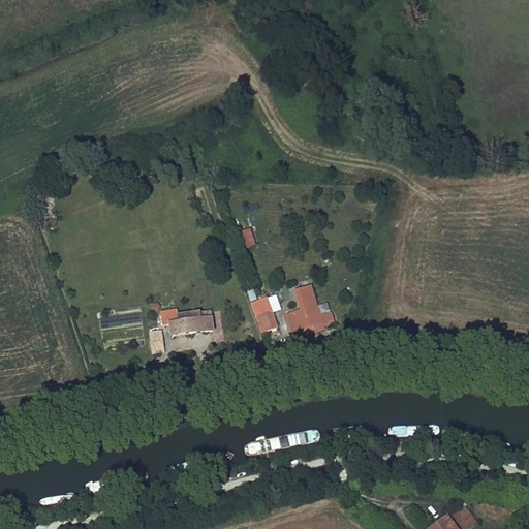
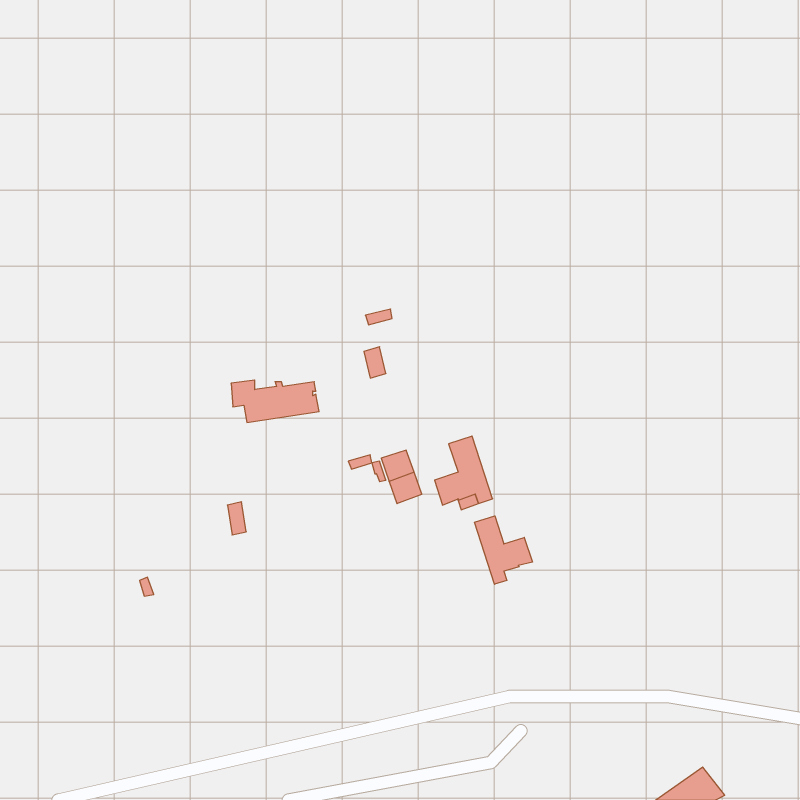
building: [161,308,219,336] -> [231,380,319,422]
building: none -> [474,516,532,584]

